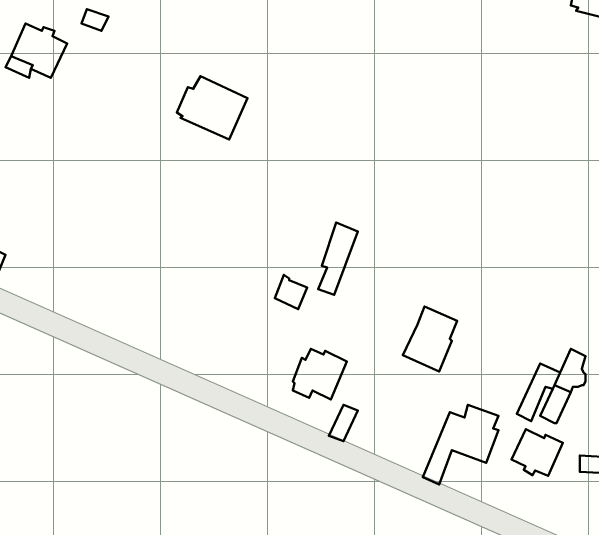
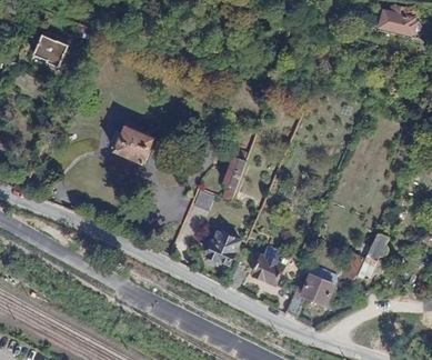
building: [177,76,247,140] -> [111,124,154,163]
building: [403,306,457,372] -> [254,244,288,284]
building: [511,429,563,476] -> none

